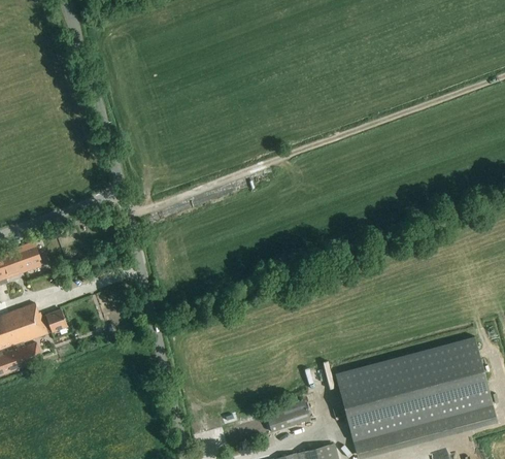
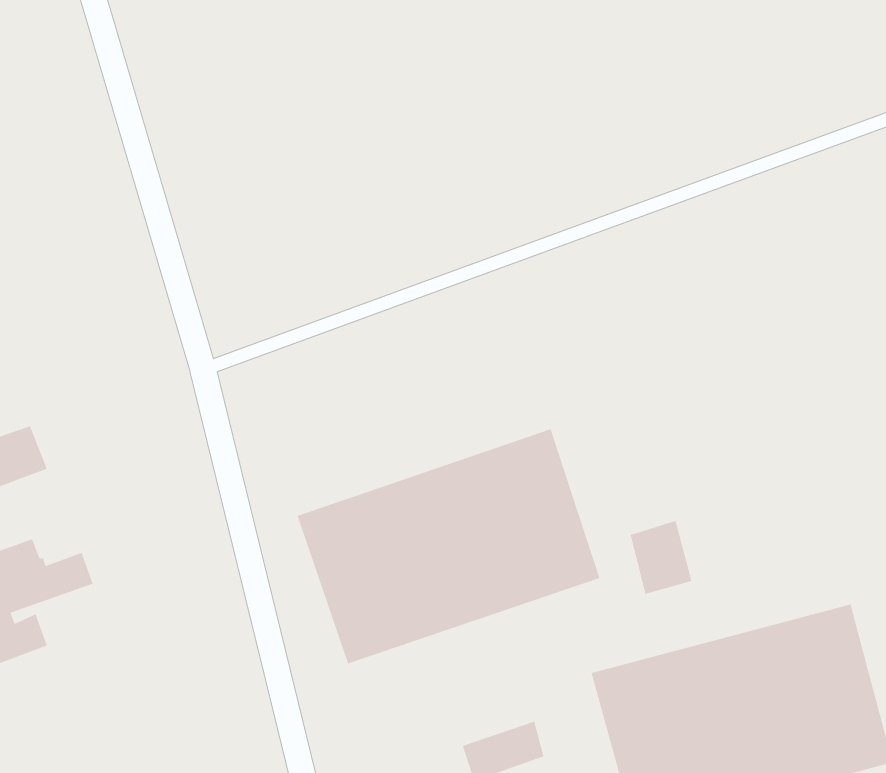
building: none -> [297,428,601,665]
building: none -> [630,520,693,595]

